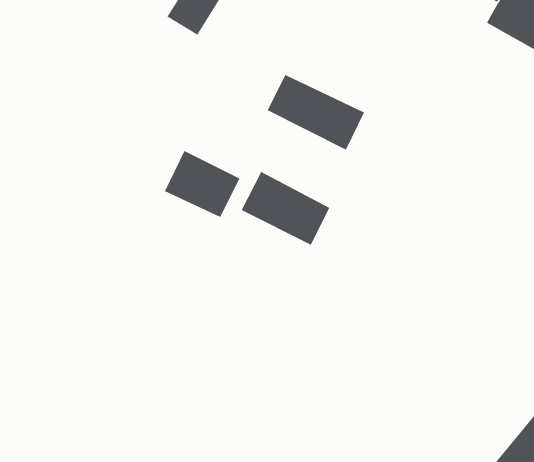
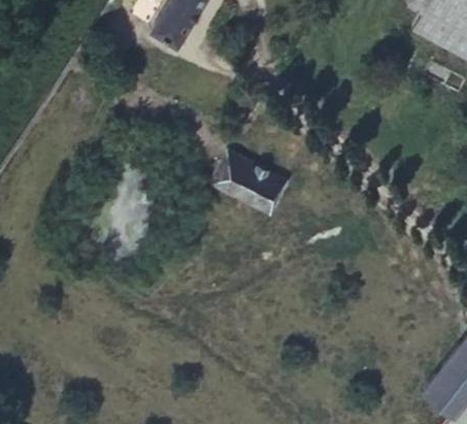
building: [267,74,365,150] -> none
building: [164,150,240,218] -> none

